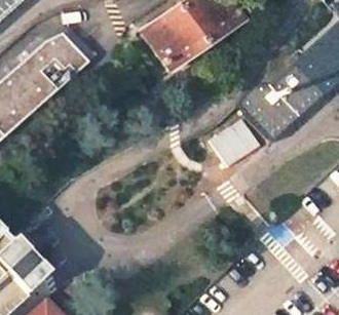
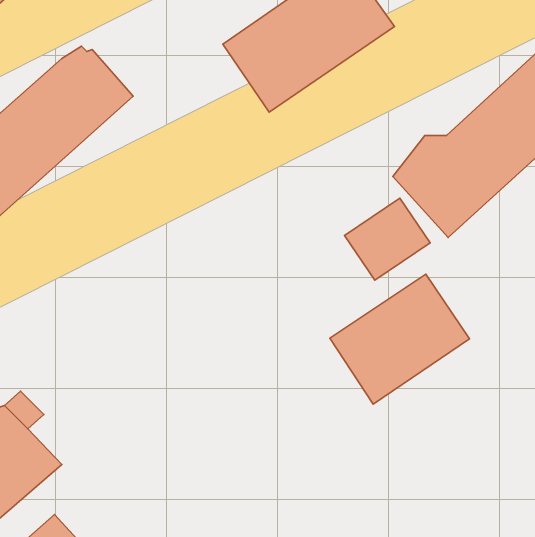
building: none -> [330,274,470,404]

